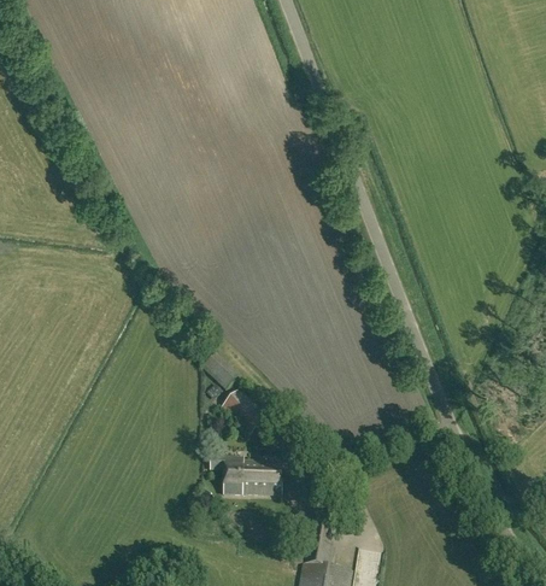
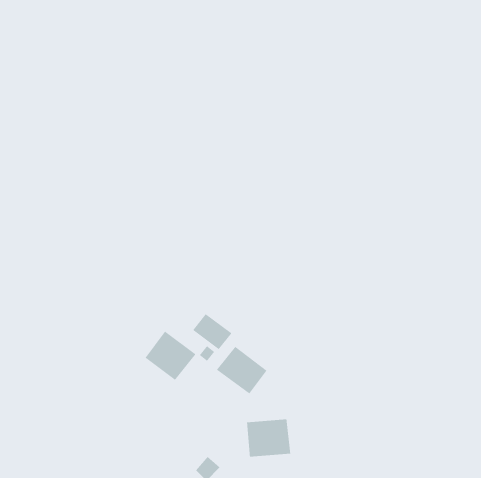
building: none -> [144,330,197,381]
building: [210,459,243,496] -> none

